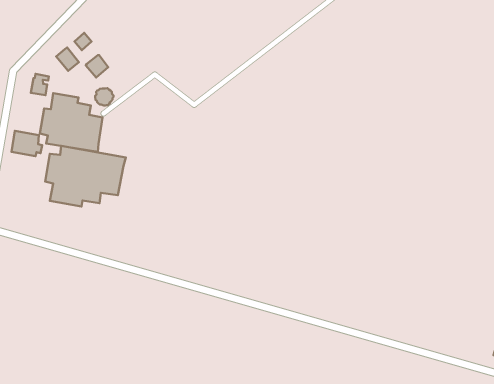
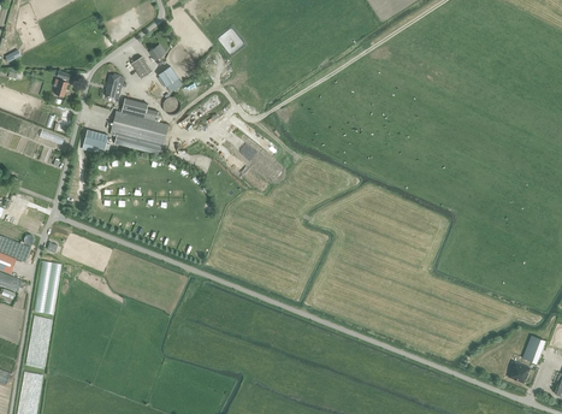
building: [45,146,126,206] -> none

